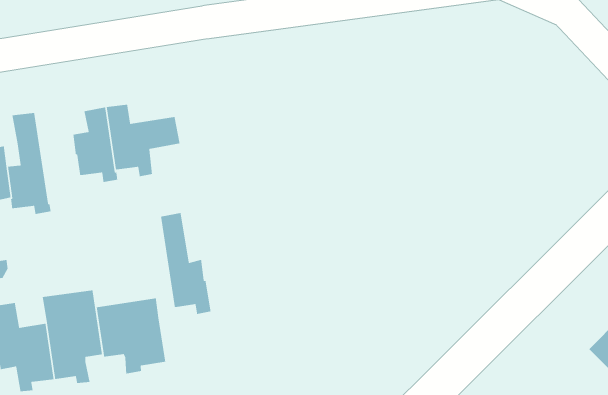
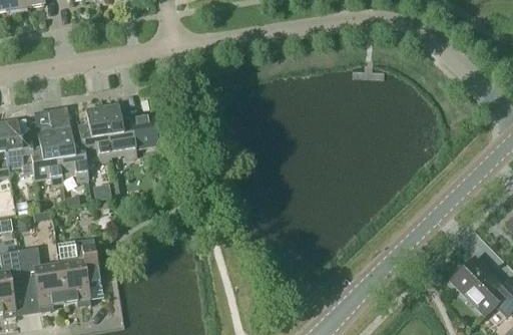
building: [160,212,212,315] -> [51,106,88,181]
building: [96,297,166,374] -> none

